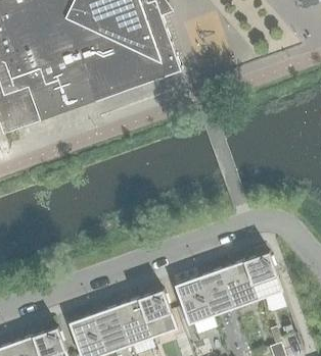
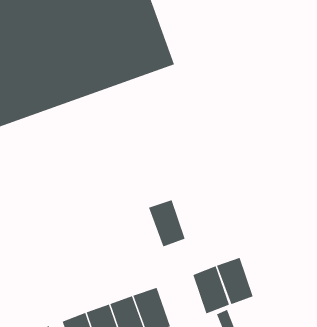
building: [244,252,282,299] -> none
building: [174,277,211,324] -> [148,199,186,247]

